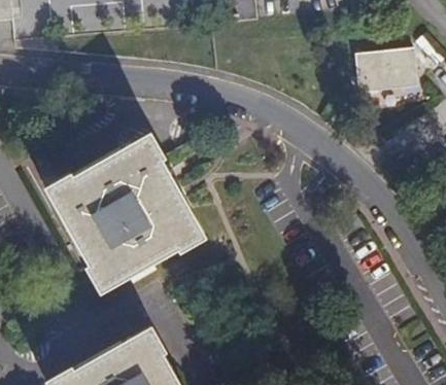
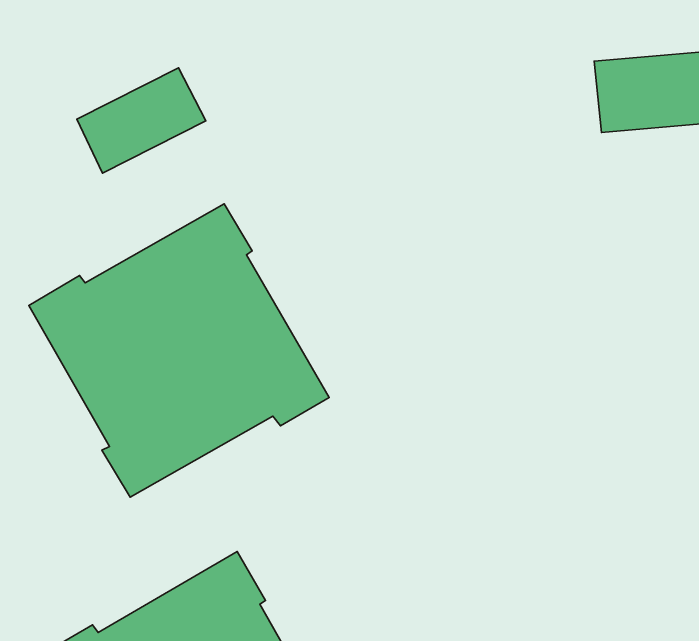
building: none -> [77,68,206,173]

